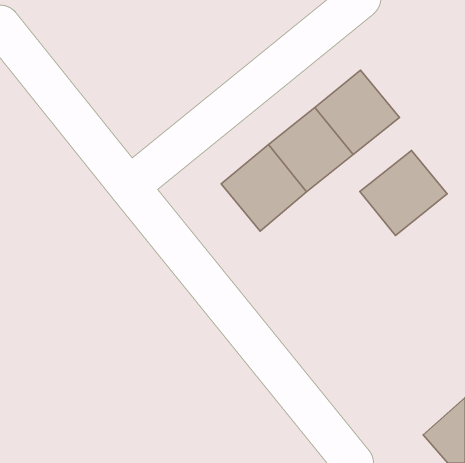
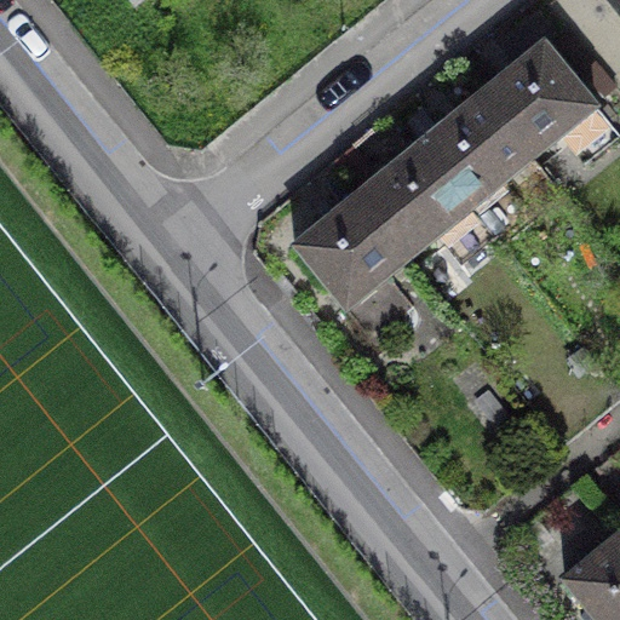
building: none -> [480,41,595,156]
building: [360,151,447,236] -> none

